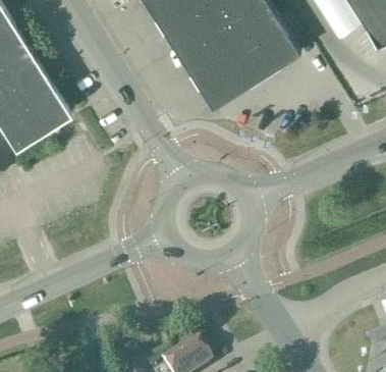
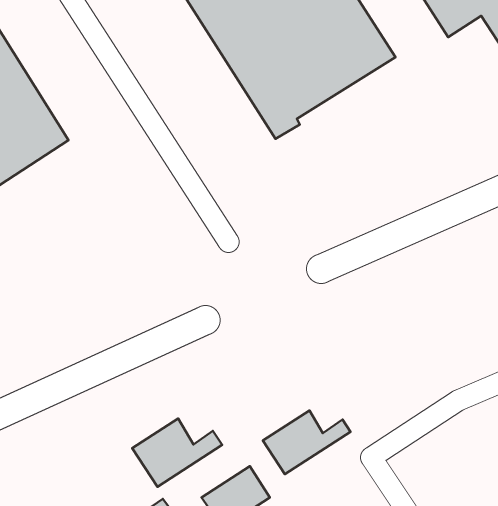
building: none -> [263,410,350,474]
building: none -> [132,419,222,487]

